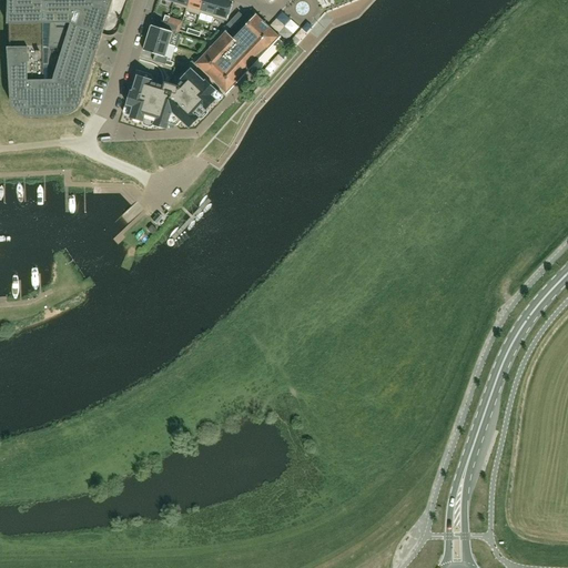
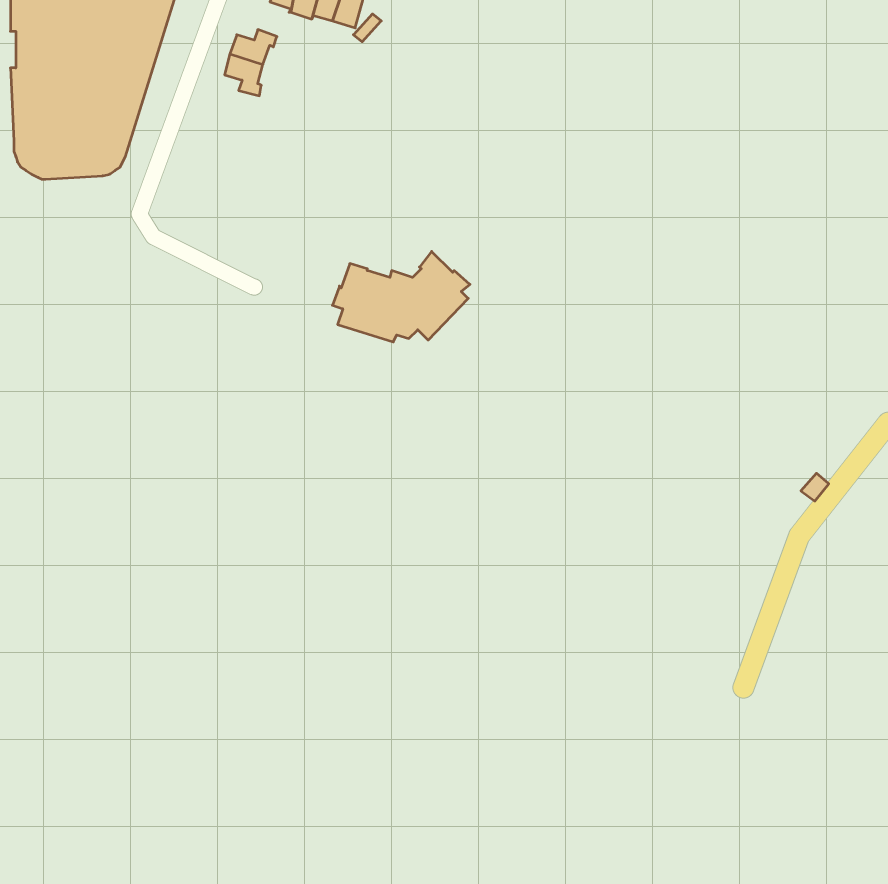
building: [194,11,278,90] -> none
building: [126,67,214,124] -> [332,251,470,342]

